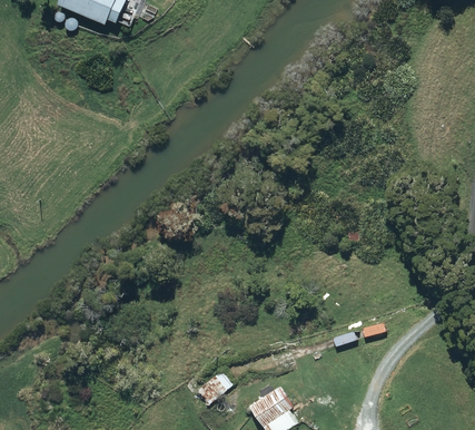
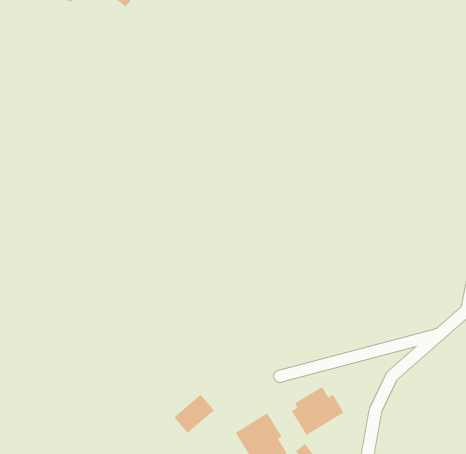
building: none -> [291,386,344,436]

